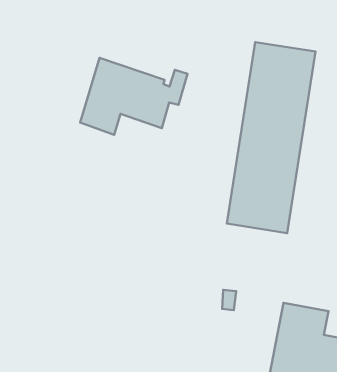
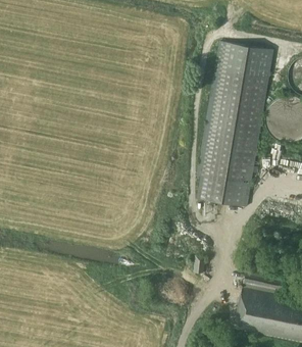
building: [80,58,187,135] -> none

